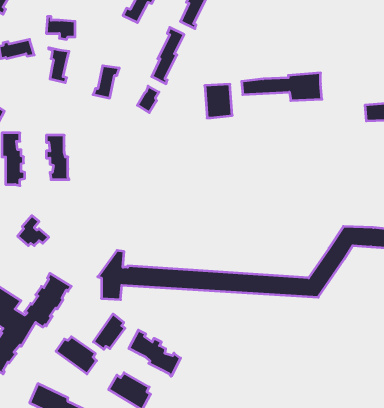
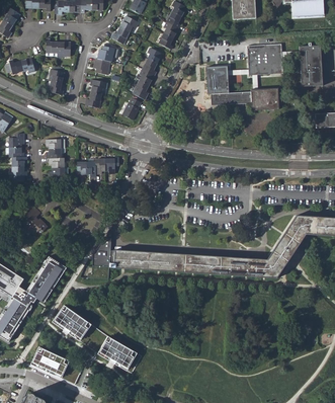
building: none -> [247,43,282,75]
building: none -> [93,44,114,74]
building: none -> [299,45,323,85]
building: [205,84,232,118] -> [205,65,229,93]
building: none -> [77,159,114,176]
building: [93,314,125,349] -> none
building: [129,330,181,376] -> none

